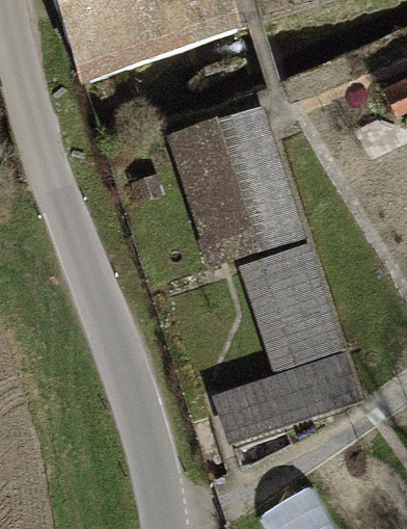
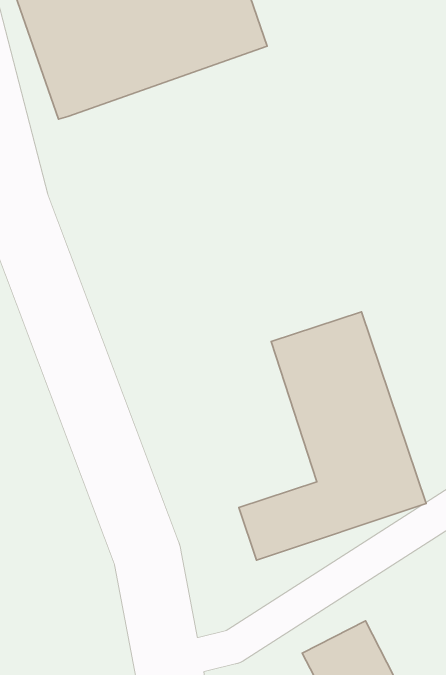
building: [168,105,298,259] -> none

